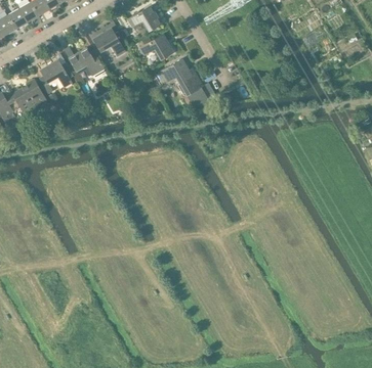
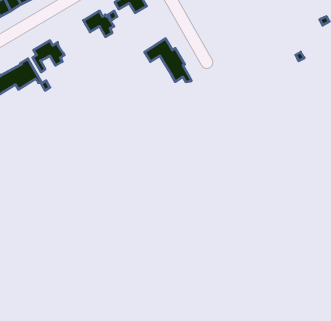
building: [139,35,173,59] -> none
building: [67,48,105,75] -> none

